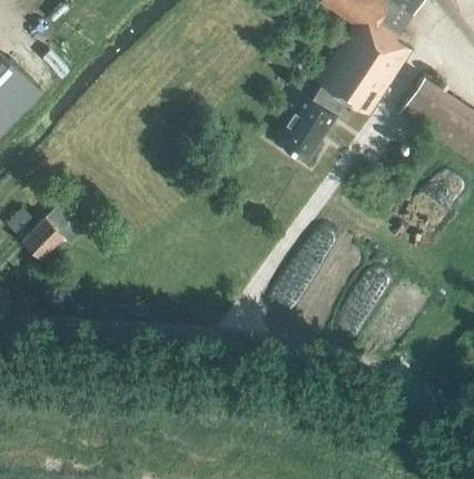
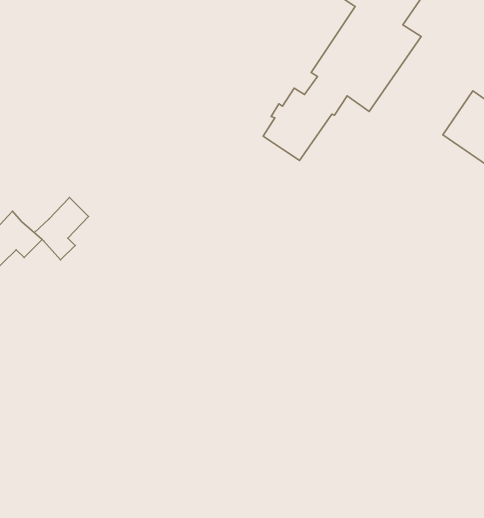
building: [398,78,455,137] -> none
building: none -> [34,198,88,260]

